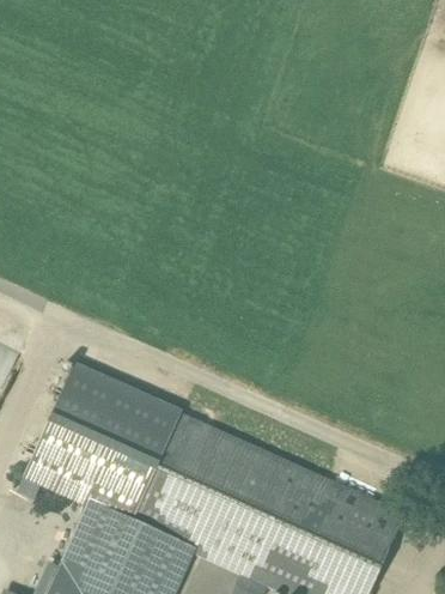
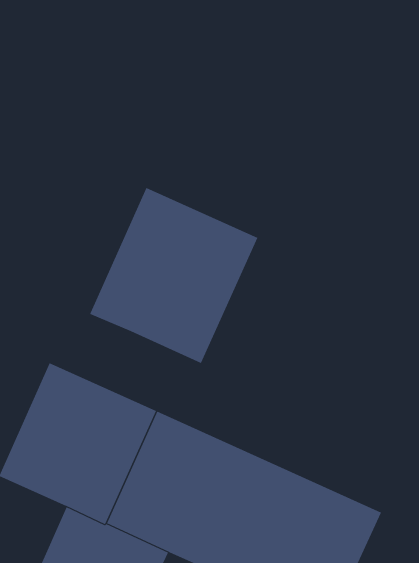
building: none -> [90,187,258,364]

